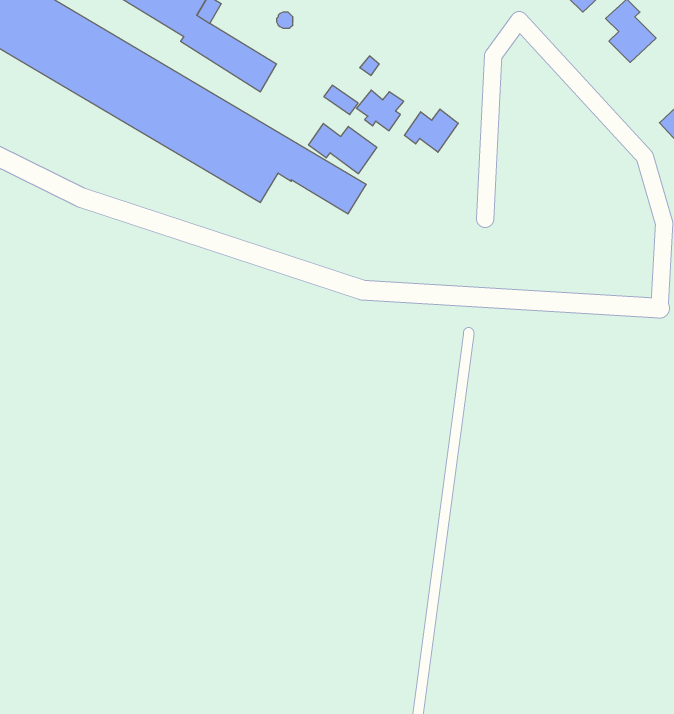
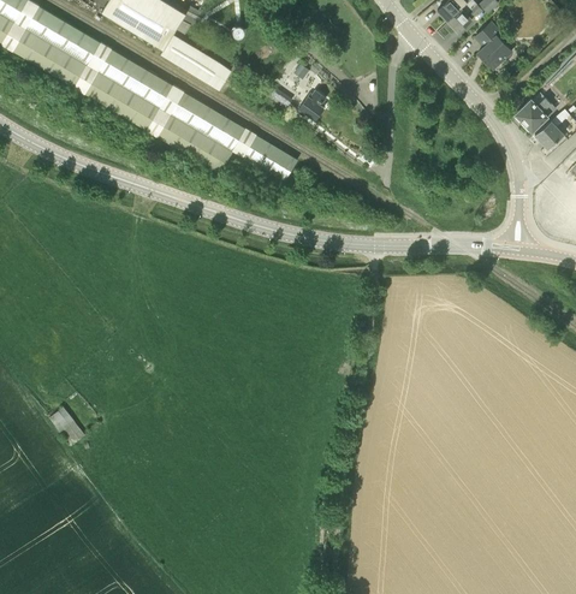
building: [404,109,458,152] -> none
building: [309,123,377,174] -> none

